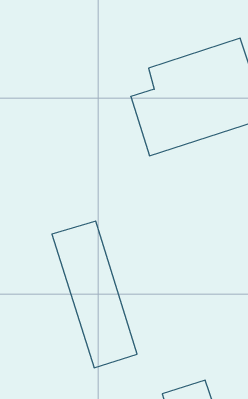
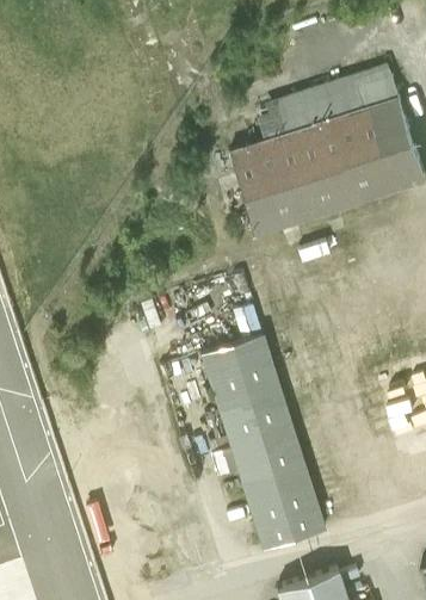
building: [52,221,137,368] -> [200,335,326,551]

